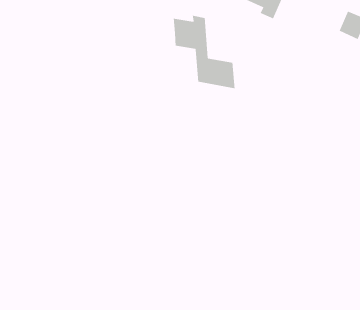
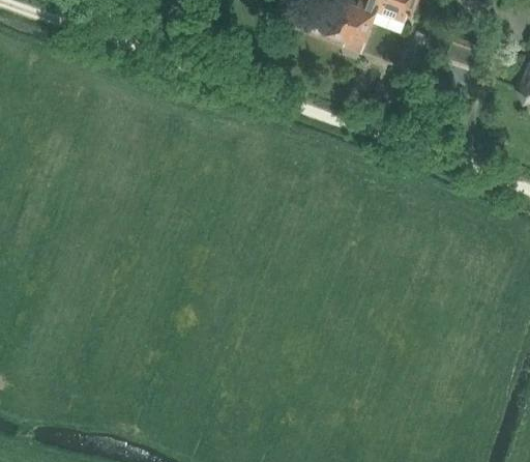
building: [173,15,235,89] -> none

